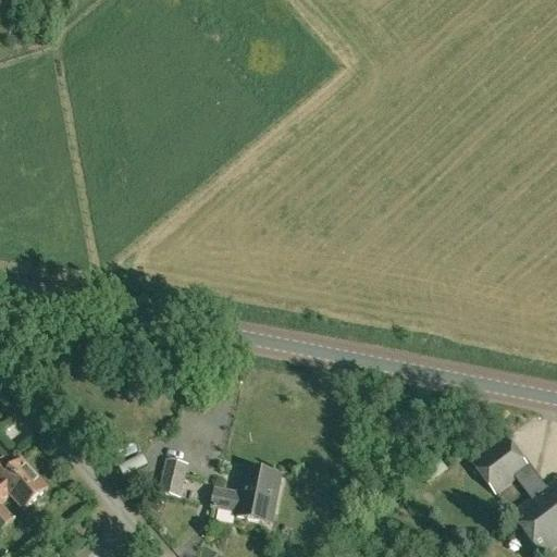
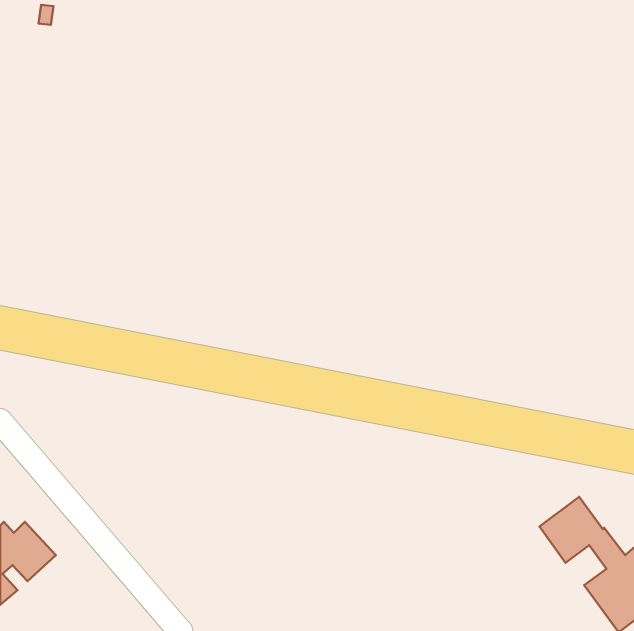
building: [161,458,189,497] -> none
building: [212,467,274,520] -> none

